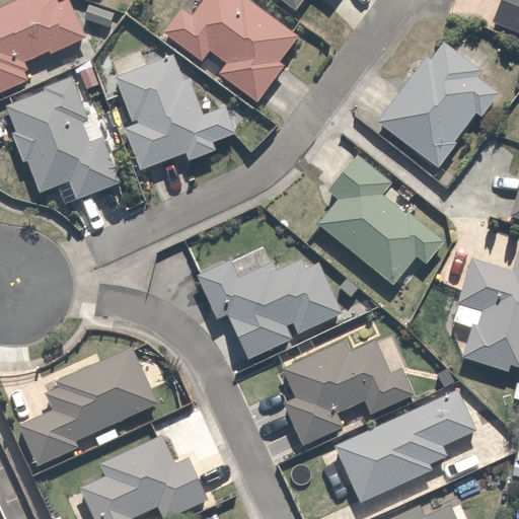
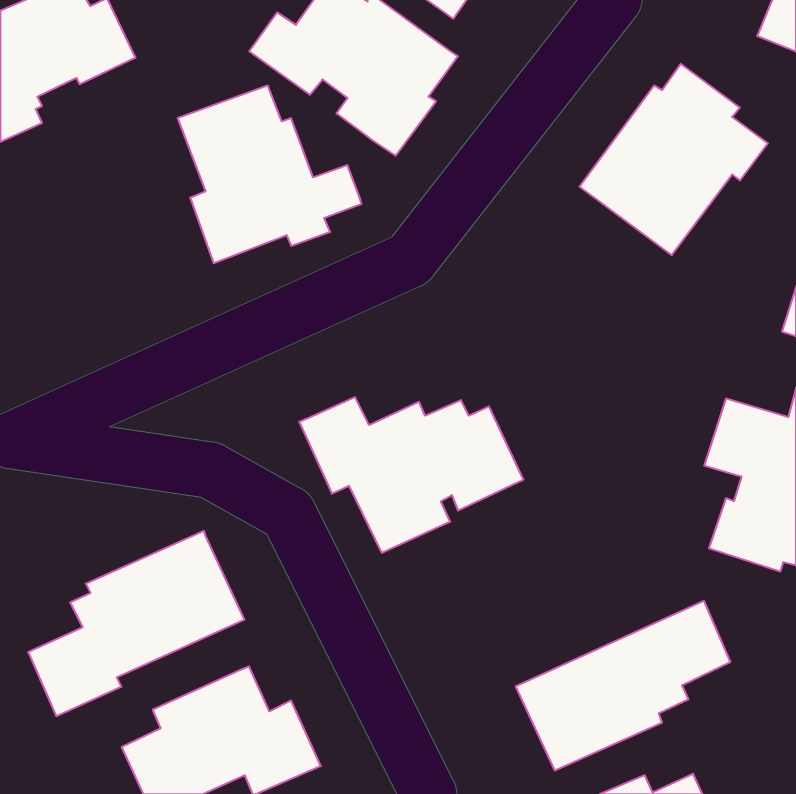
building: [6,77,118,199] -> none
building: [318,156,443,284] -> none
building: [283,341,415,446] -> none

